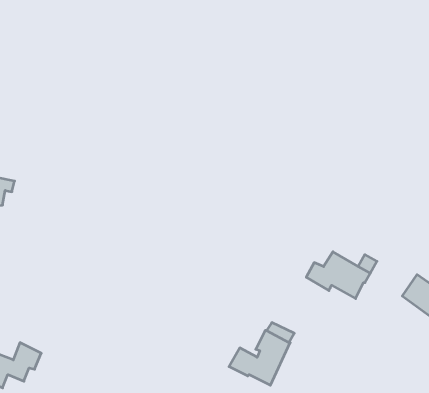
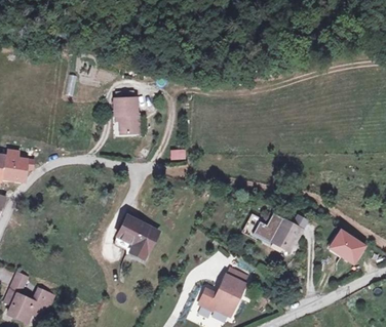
building: none -> [119,100,144,137]
building: none -> [114,214,160,257]

